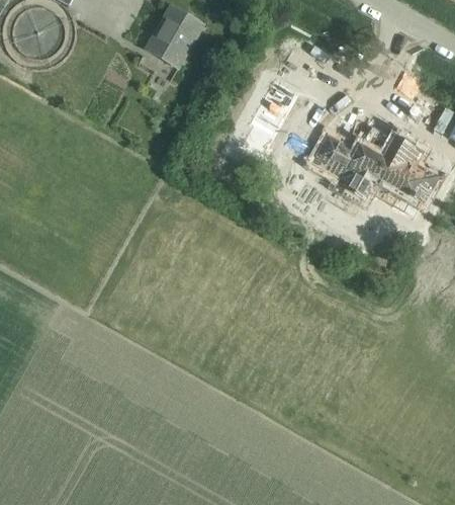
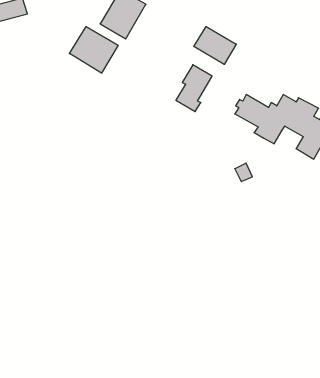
building: none -> [69,27,118,73]
building: none -> [194,27,236,64]

